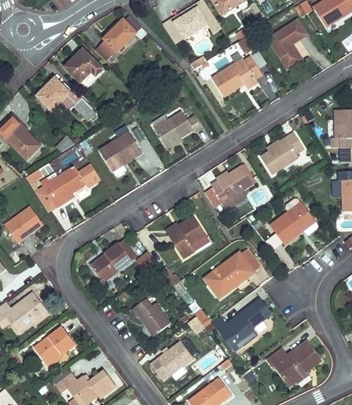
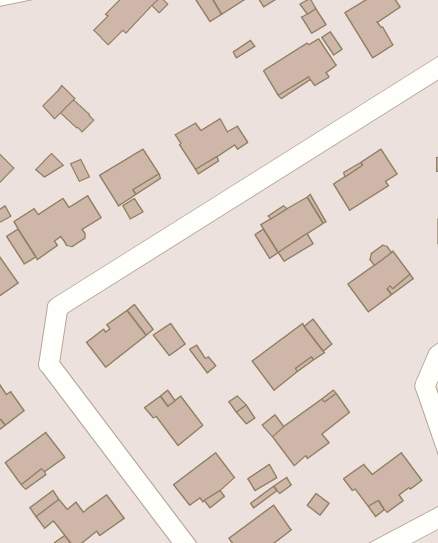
building: [65,50,104,88] -> none
building: [36,78,70,110] -> none
building: [166,216,211,258] -> none

